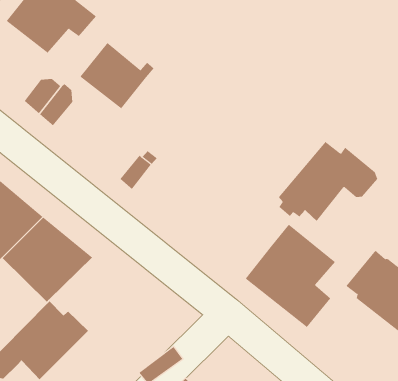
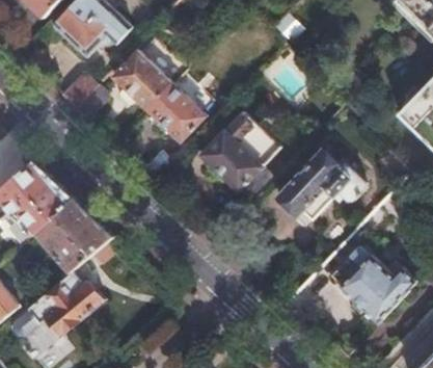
building: none -> [147,83,206,140]
building: [245,224,336,328] -> [198,111,278,203]

